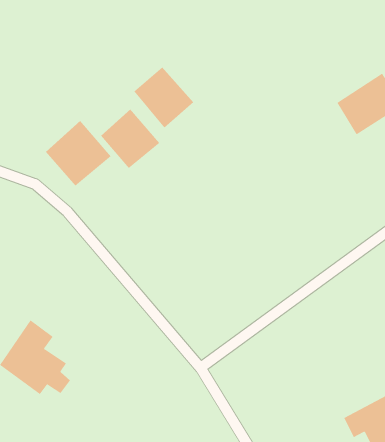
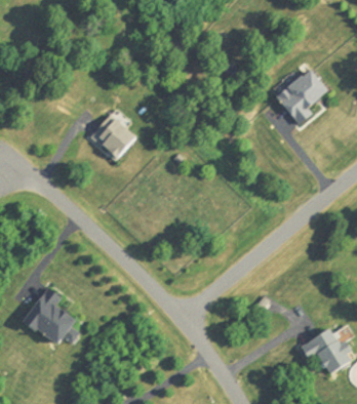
building: [133,67,194,128] -> none
building: [45,120,112,186] -> none

